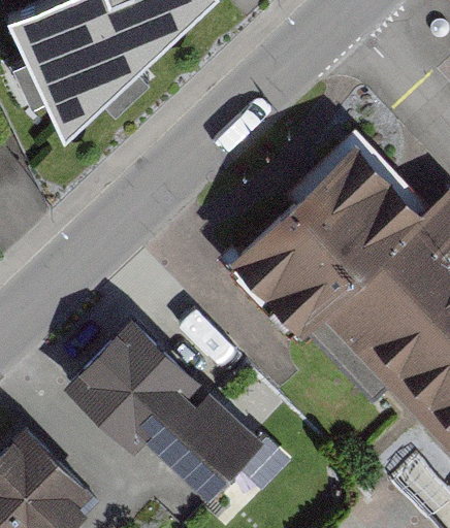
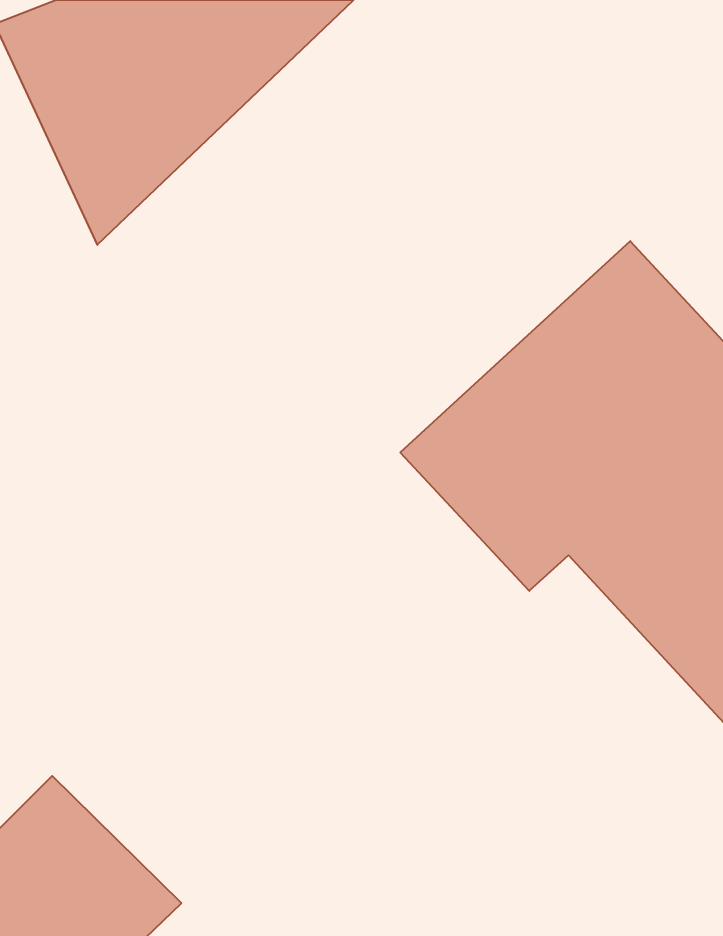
building: [64,320,263,503] -> none

